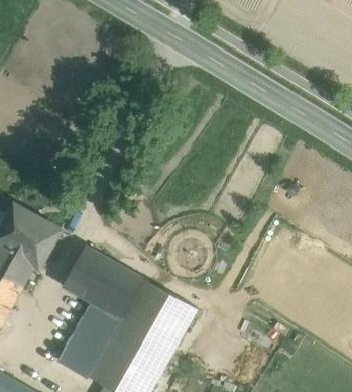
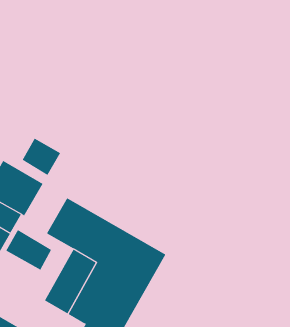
building: none -> [22,138,61,176]
building: none -> [6,229,52,270]

